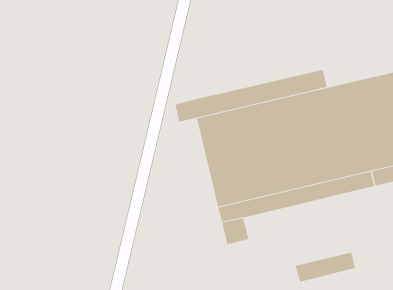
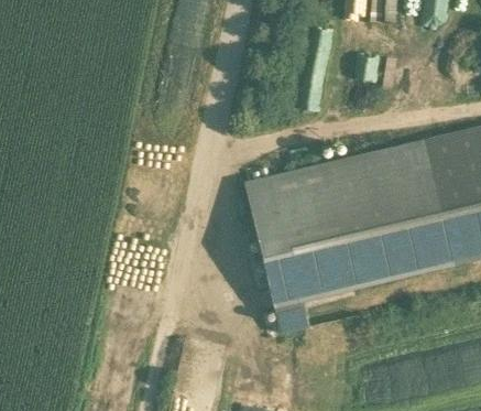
building: [175,69,327,122] -> none
building: [295,252,355,283] -> none

